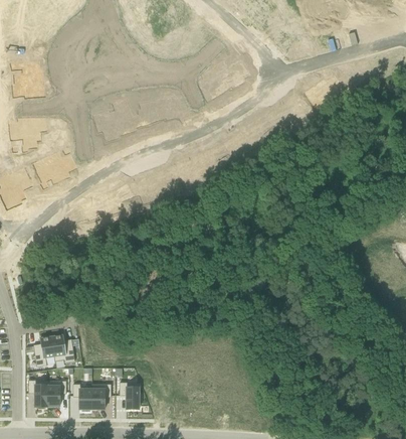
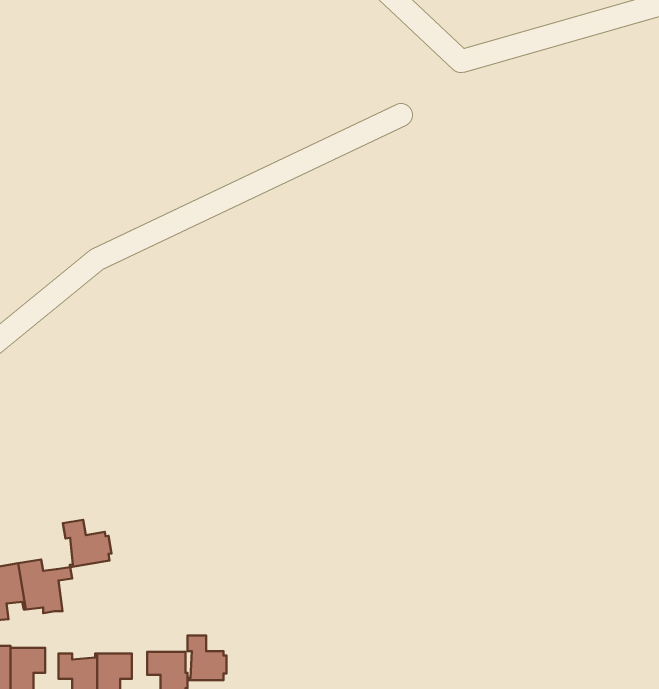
building: none -> [63,520,111,567]
building: none -> [187,635,227,680]

